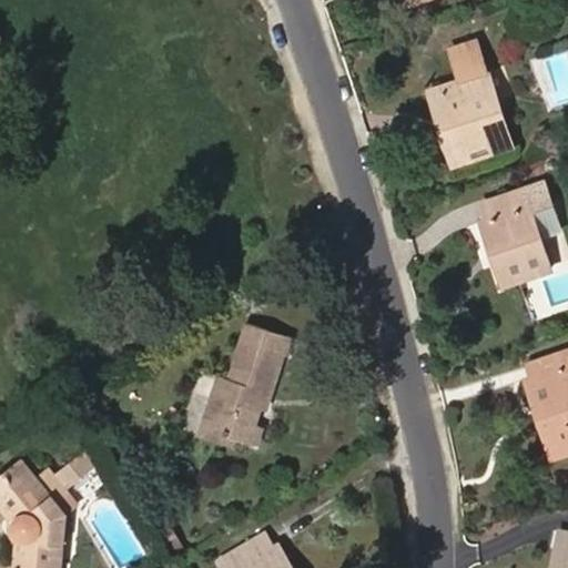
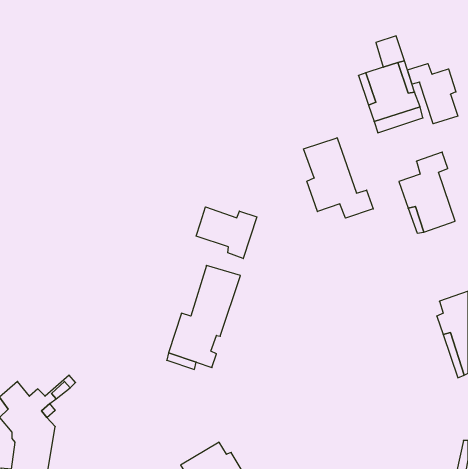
building: none -> [407,64,458,124]
building: none -> [304,138,373,218]
building: none -> [196,207,257,259]

